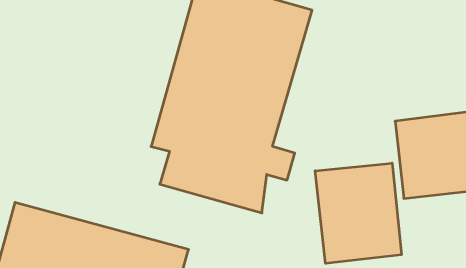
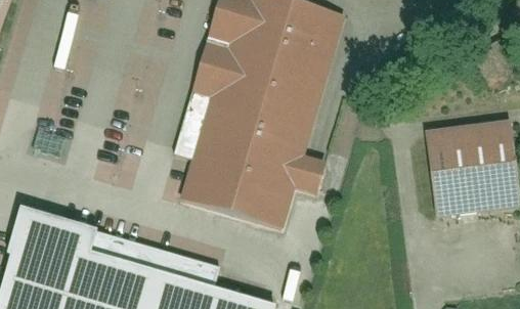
building: [315,163,401,263] -> none

